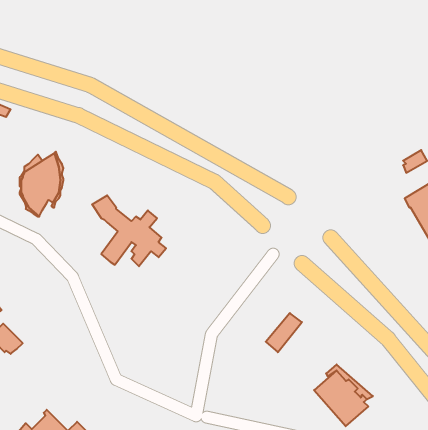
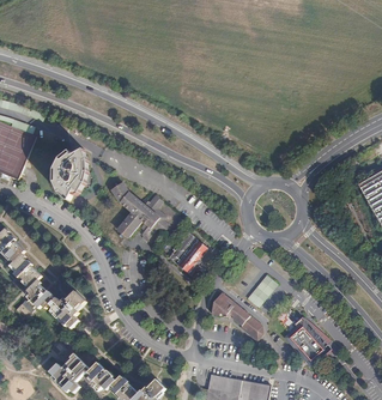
building: none -> [166,231,210,274]
building: none -> [49,291,84,327]
building: none -> [211,292,261,340]

